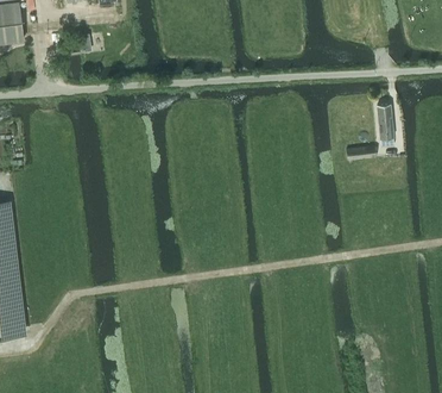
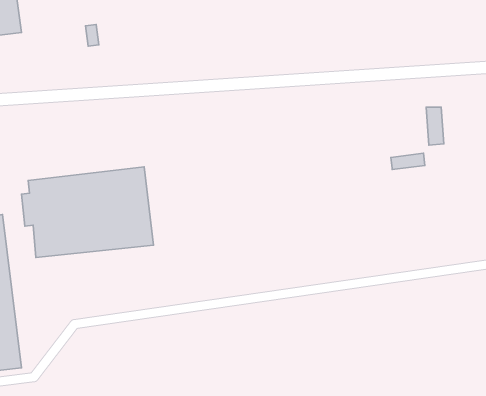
building: none -> [21,167,153,258]

